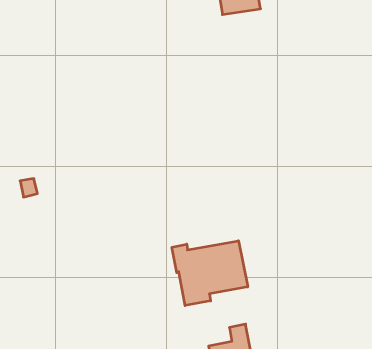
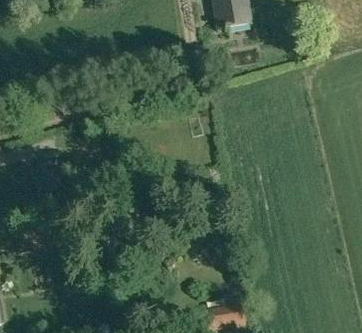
building: [172,241,248,306] -> none

